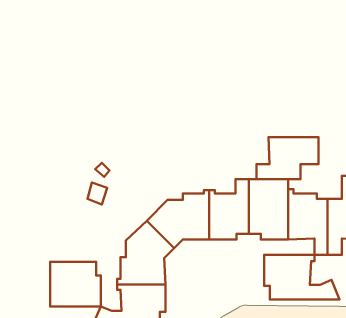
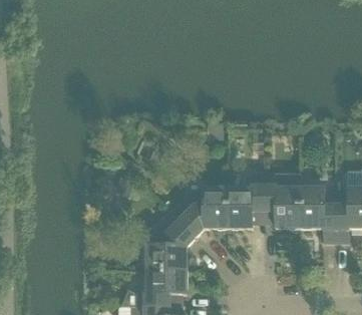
building: [256,137,319,179] -> none
building: [264,255,340,300] -> none
building: [50,262,101,306] -> none

